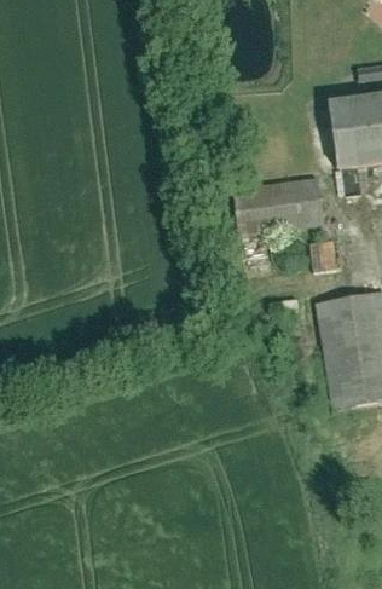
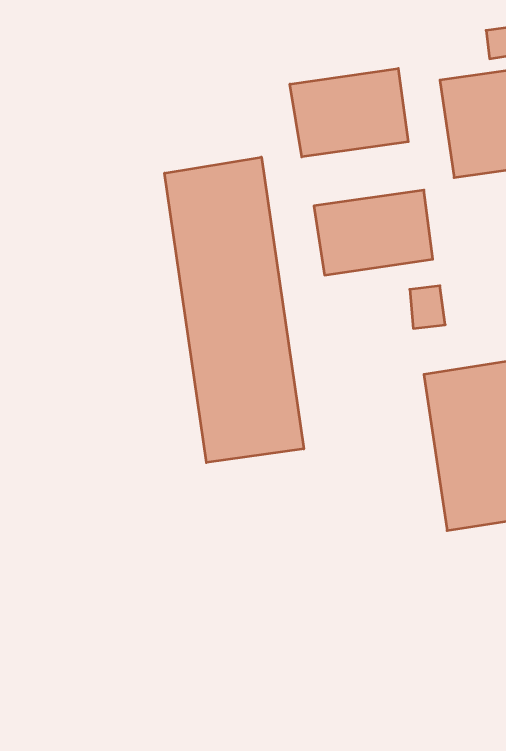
building: none -> [290,68,408,157]
building: none -> [165,157,304,463]

